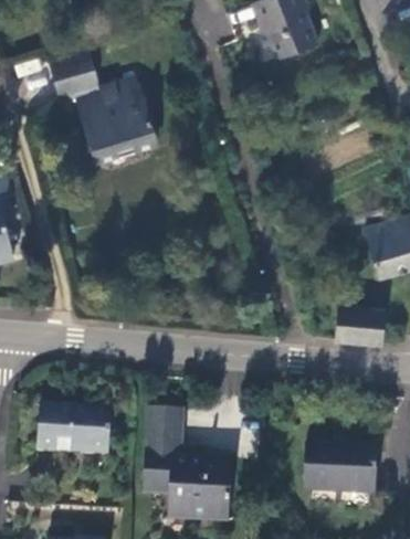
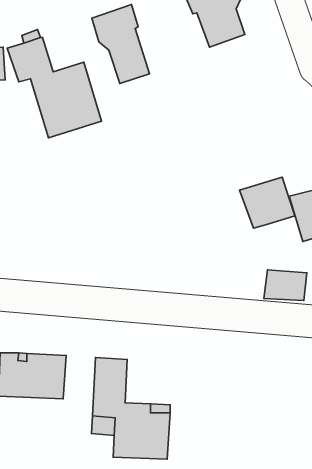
building: none -> [92,4,149,83]
building: none -> [240,177,295,228]
building: [303,446,377,495] -> none

